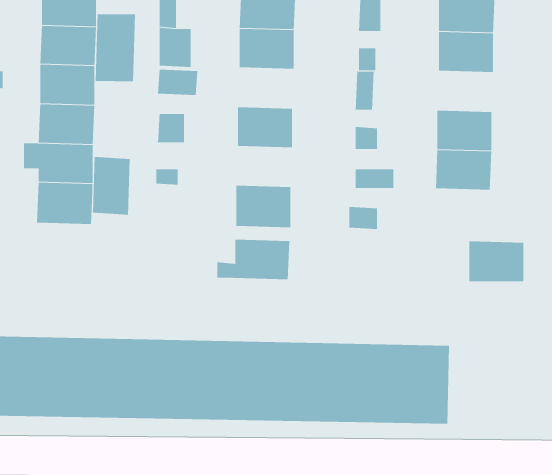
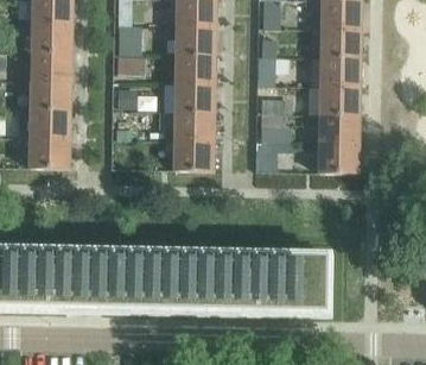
building: [95,13,136,82] -> none
building: none -> [174,51,216,81]
building: none -> [319,54,361,83]
building: [93,156,130,215] -> none
building: [217,239,290,280] -> [161,108,215,138]
building: [469,241,524,282] -> [318,139,358,169]

